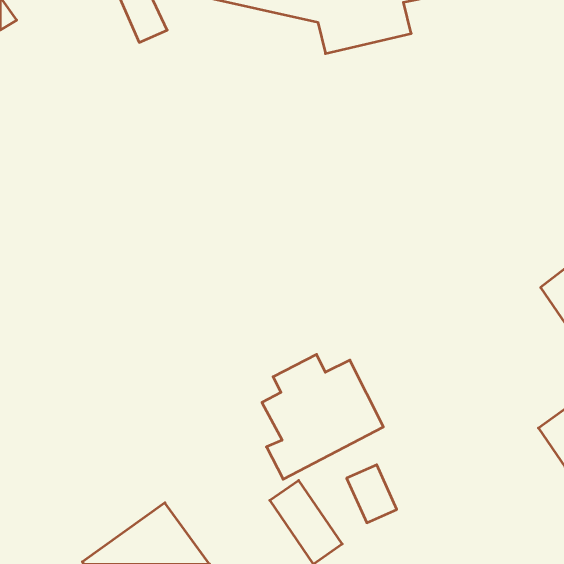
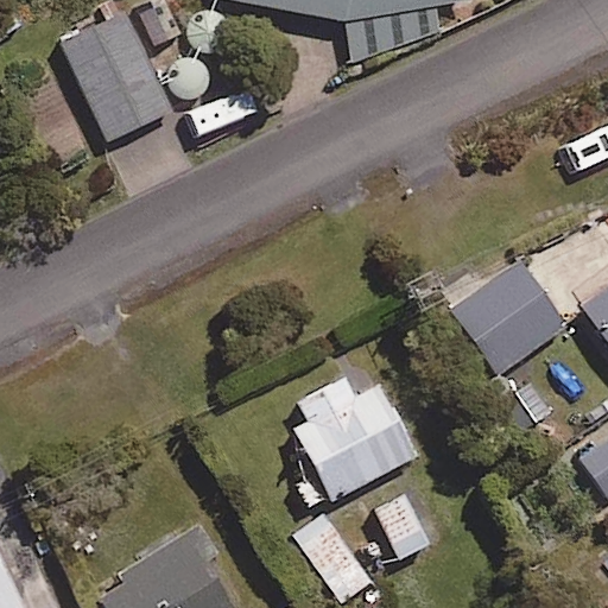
building: none -> [63,12,172,138]
building: none -> [451,261,564,373]

